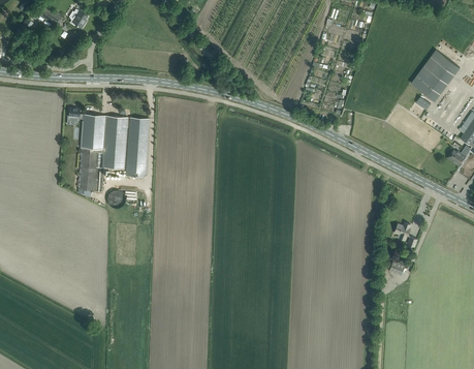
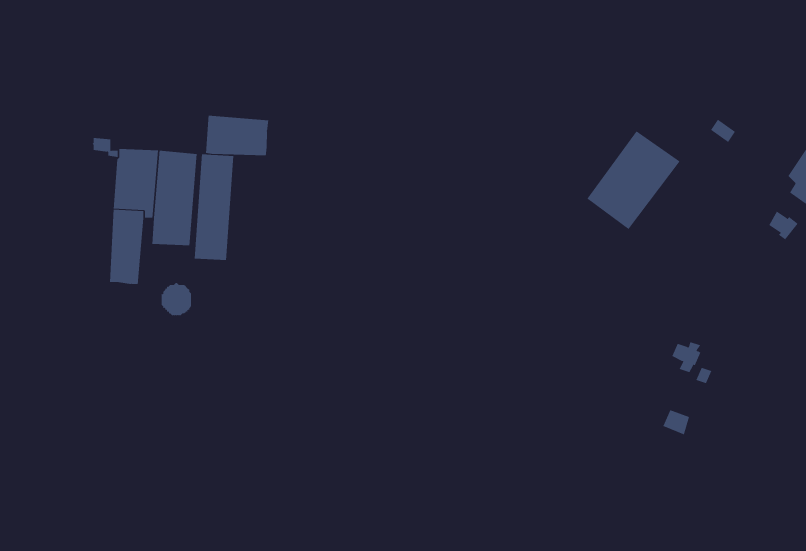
building: [410,44,463,100] -> [587,130,680,230]
building: none -> [205,115,269,156]

